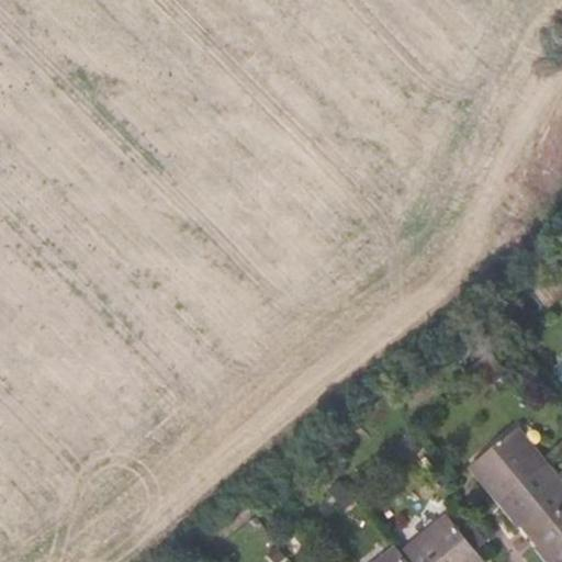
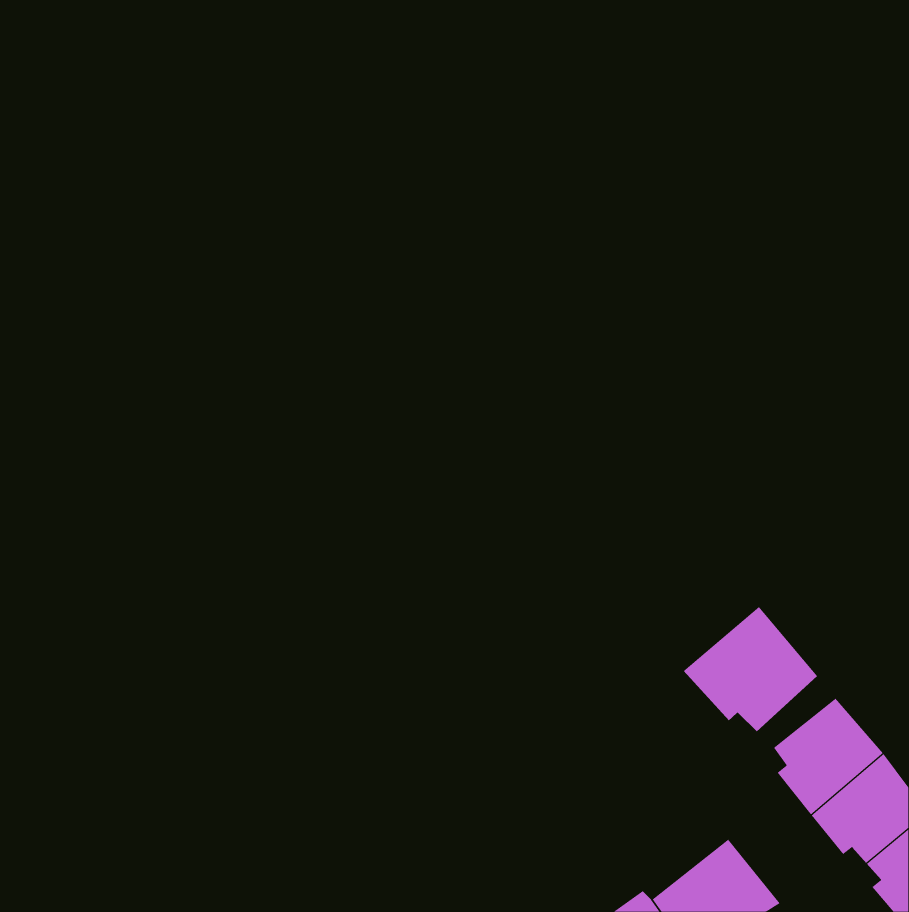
building: none -> [683,606,818,732]

